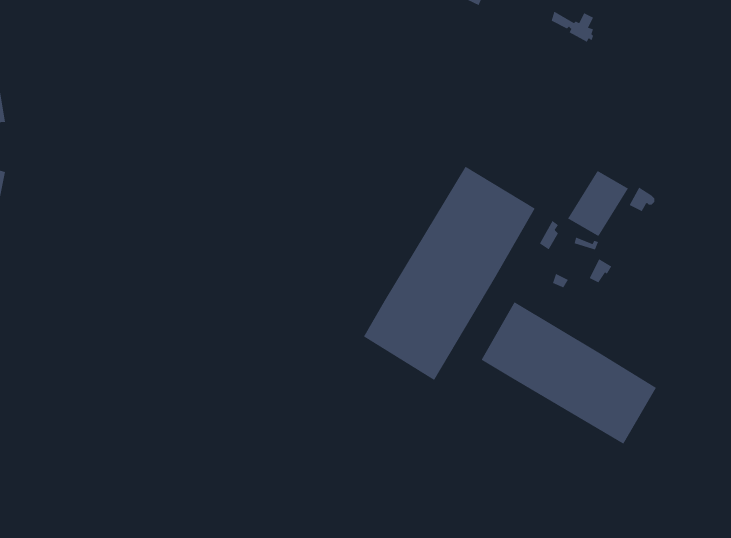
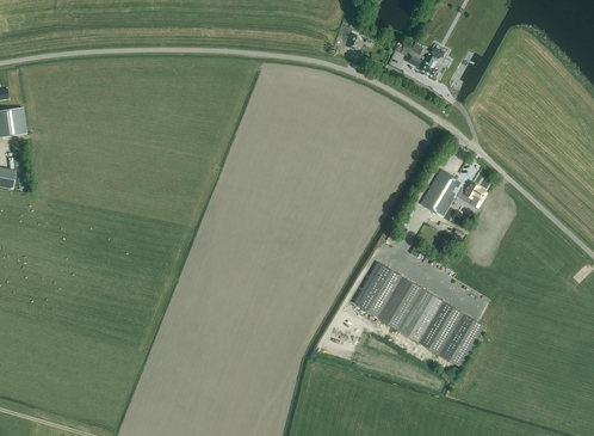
building: [363,166,536,381] -> none

